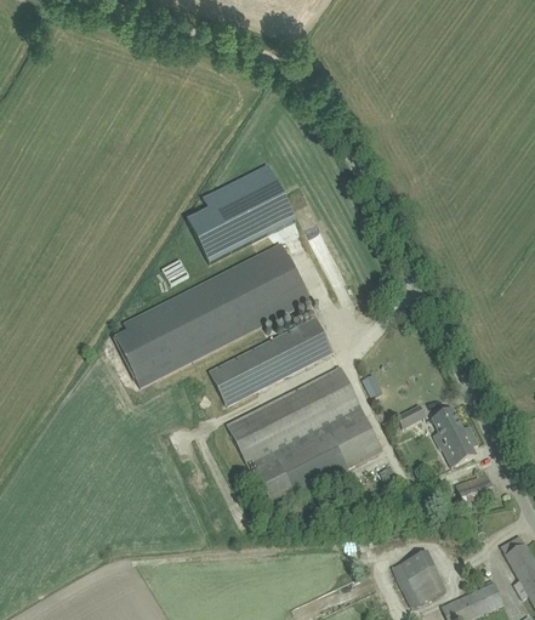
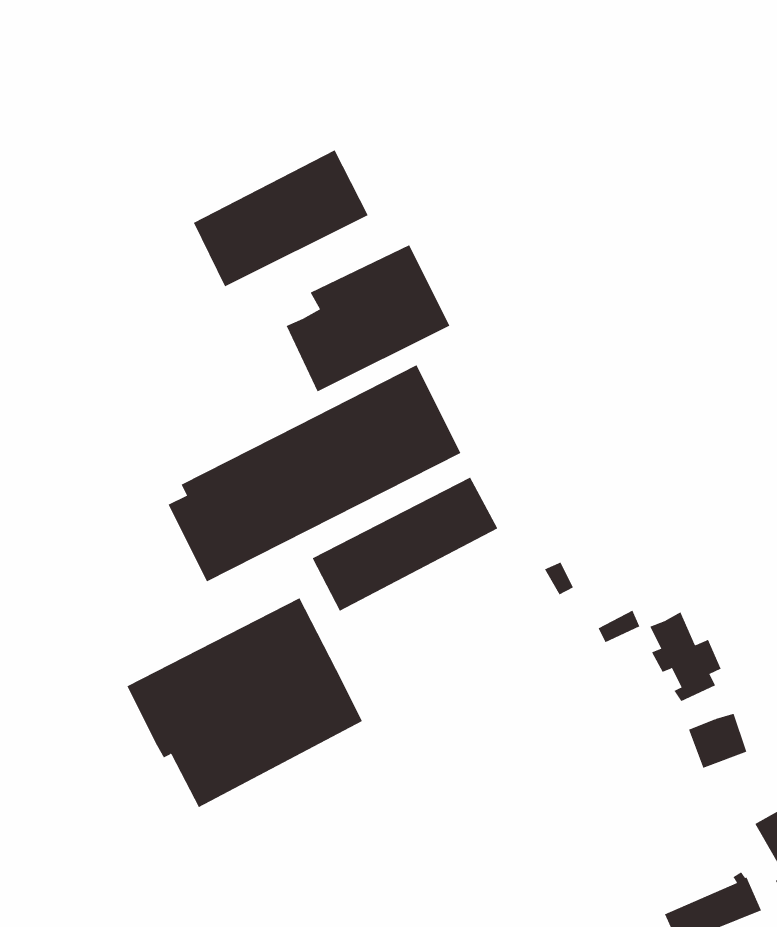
building: none -> [193,149,368,287]
building: [226,366,381,505] -> [127,598,363,808]
building: [392,551,445,603] -> none

